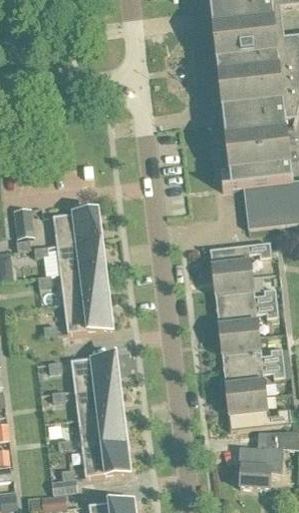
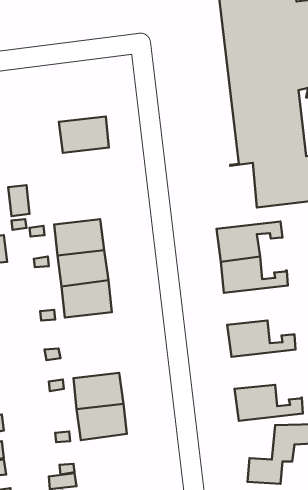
building: [53,210,100,244] -> [59,117,109,153]
building: [217,302,279,339] -> none
building: [71,355,118,389] -> none
building: [224,362,286,399] -> none
building: [82,441,129,476] -> none

